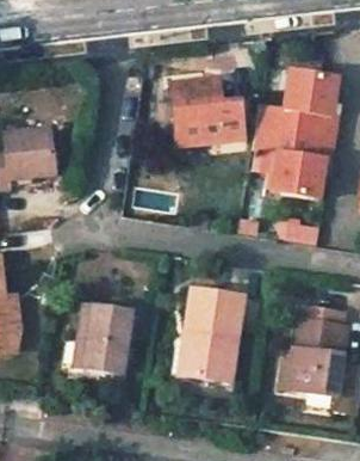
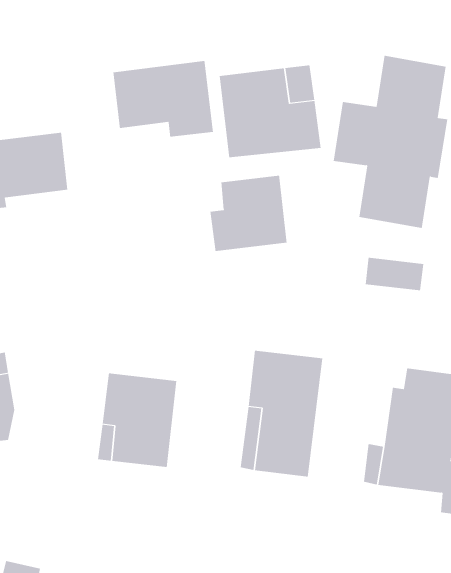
building: none -> [113,60,213,138]
building: none -> [210,175,287,252]

